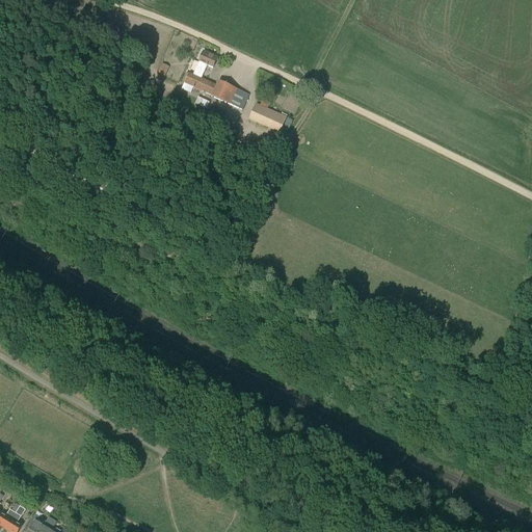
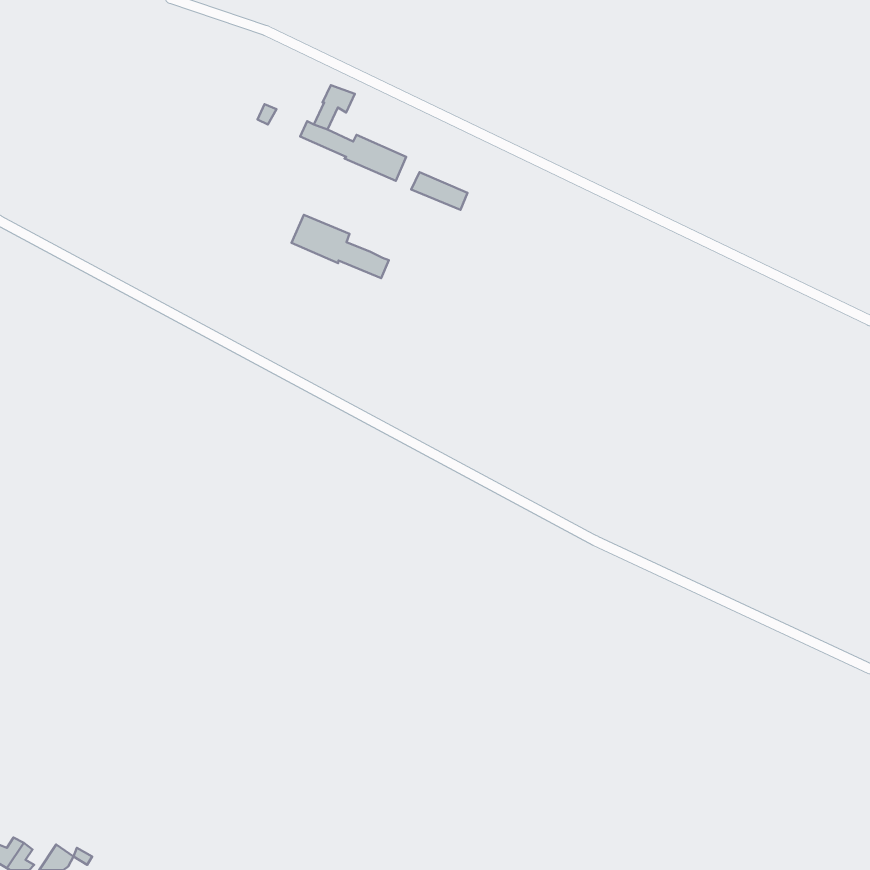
building: none -> [291,215,389,278]

